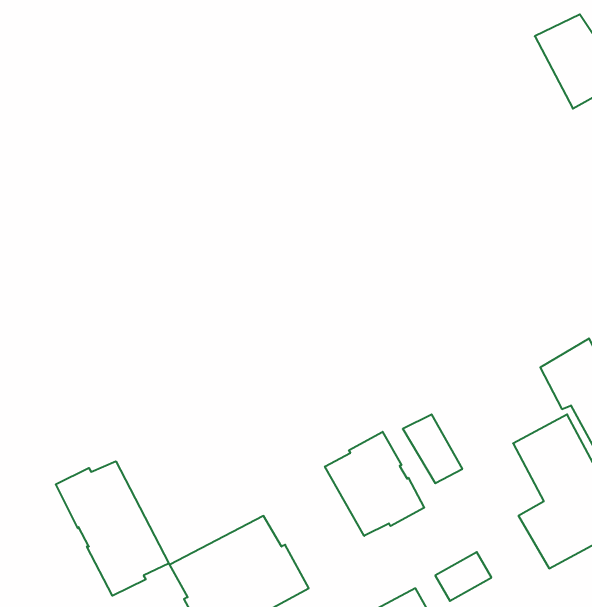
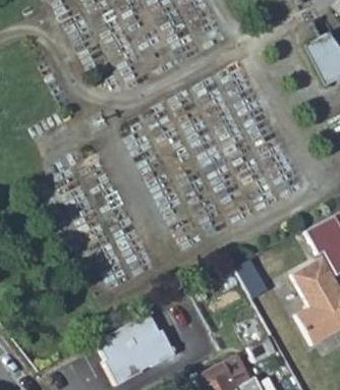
building: [325,432,424,536] -> none
building: [56,461,169,596] -> none

